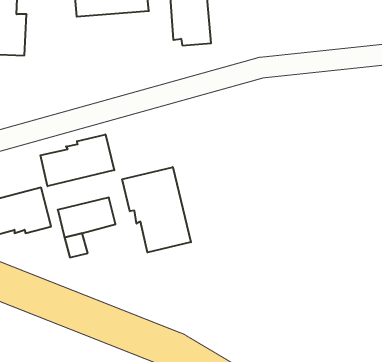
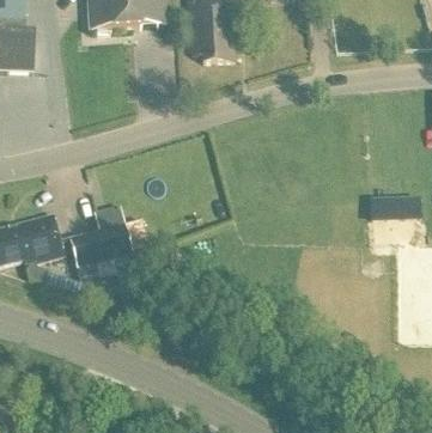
building: [40,134,114,186] -> none
building: [122,167,191,252] -> none

